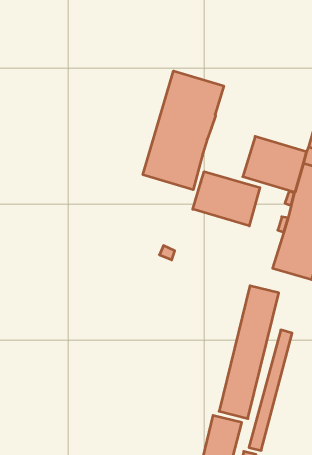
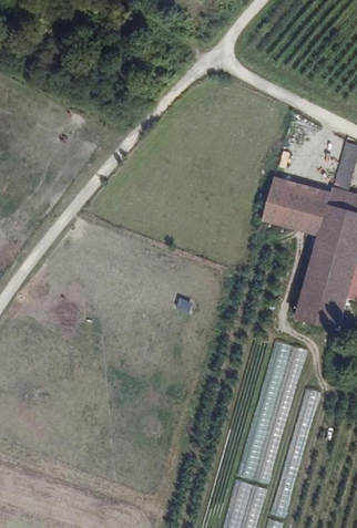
building: [143,71,224,190] -> none
building: [193,172,260,226] -> none

